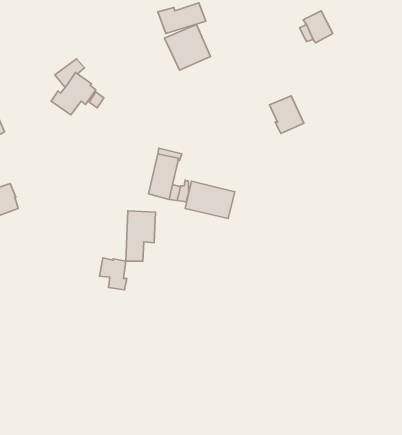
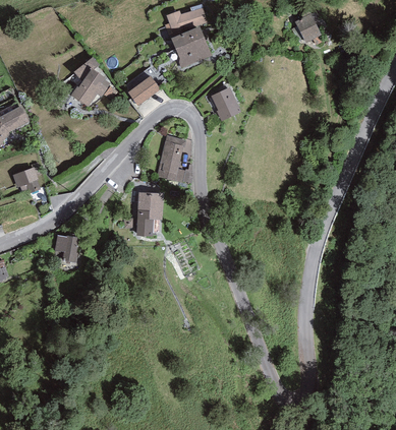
building: none -> [128,75,160,105]
building: [269,96,304,134] -> [211,86,241,120]
building: [185,181,235,218] -> none
building: [99,258,127,290] -> [54,234,78,262]

